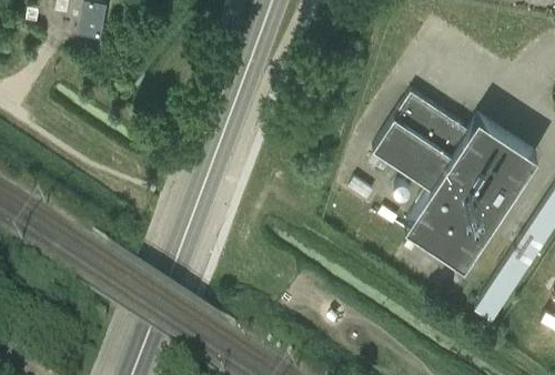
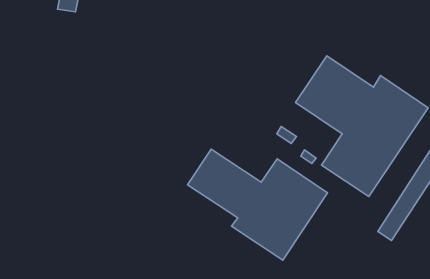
building: none -> [188,149,328,260]

